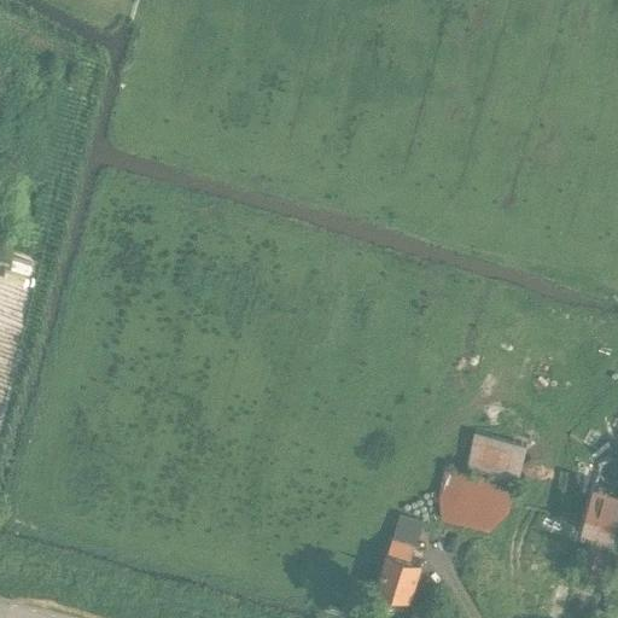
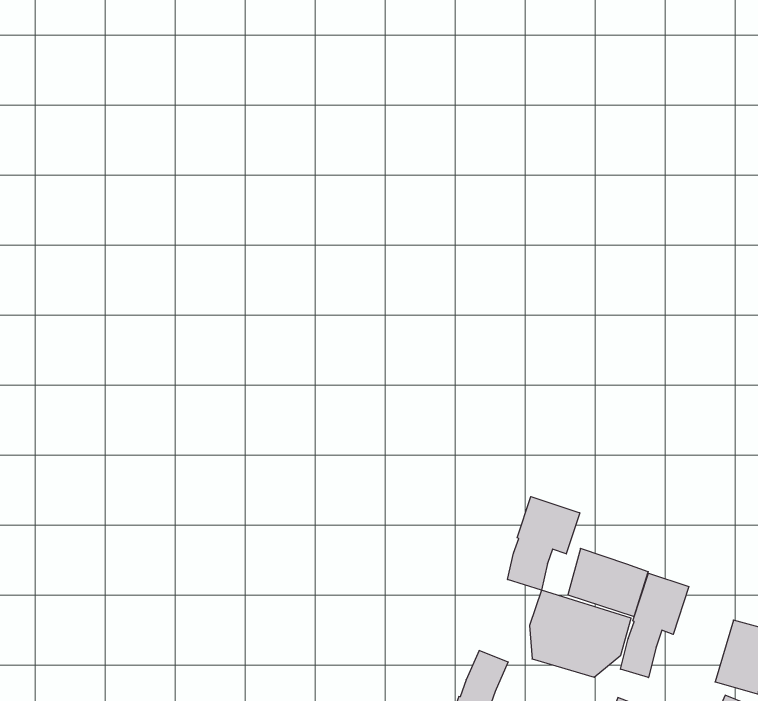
building: none -> [508,497,580,590]
building: none -> [620,573,689,678]

